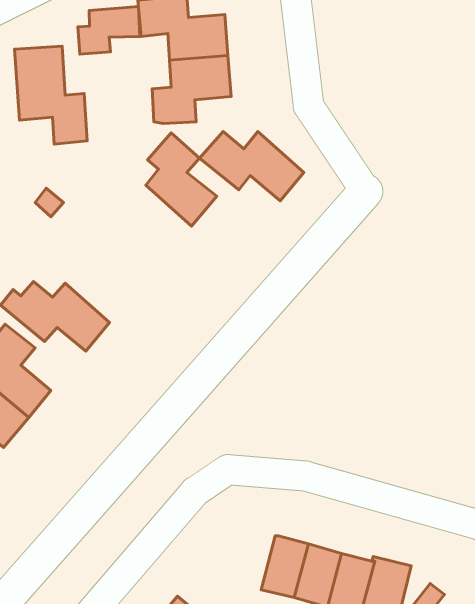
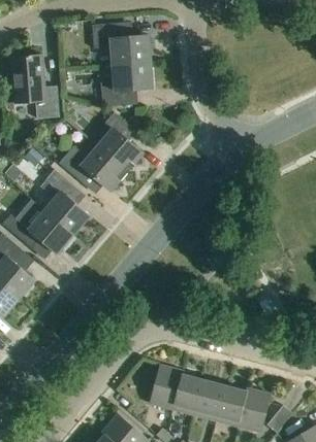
building: [78,6,140,54] -> none
building: [199,131,304,201] -> [59,145,127,191]
building: none -> [44,169,90,235]
building: none -> [149,364,185,409]

